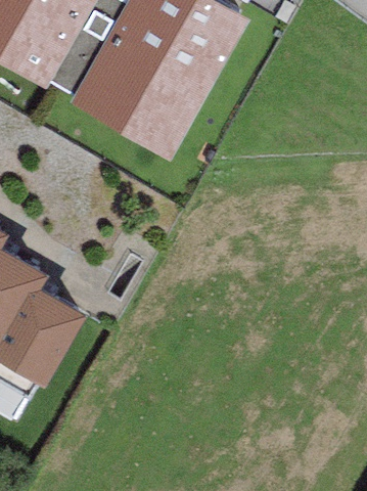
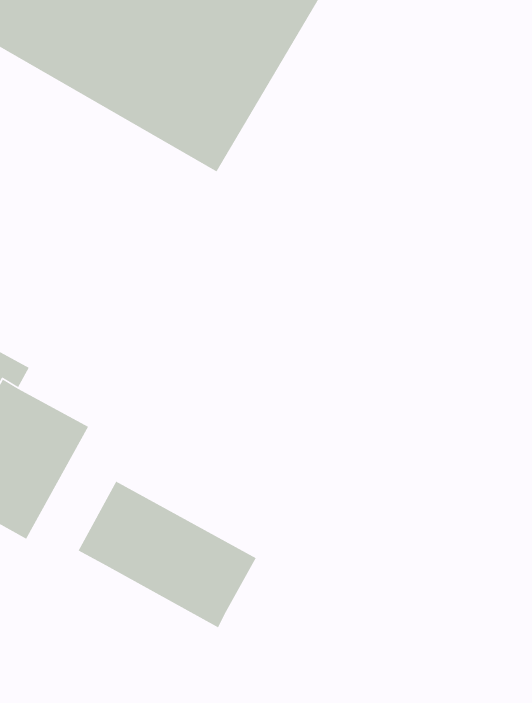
building: none -> [78,480,257,628]

